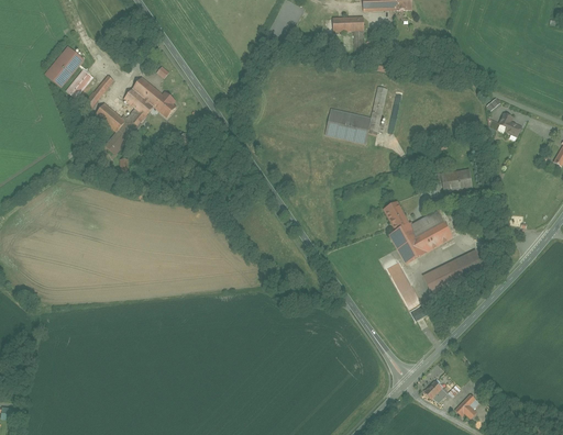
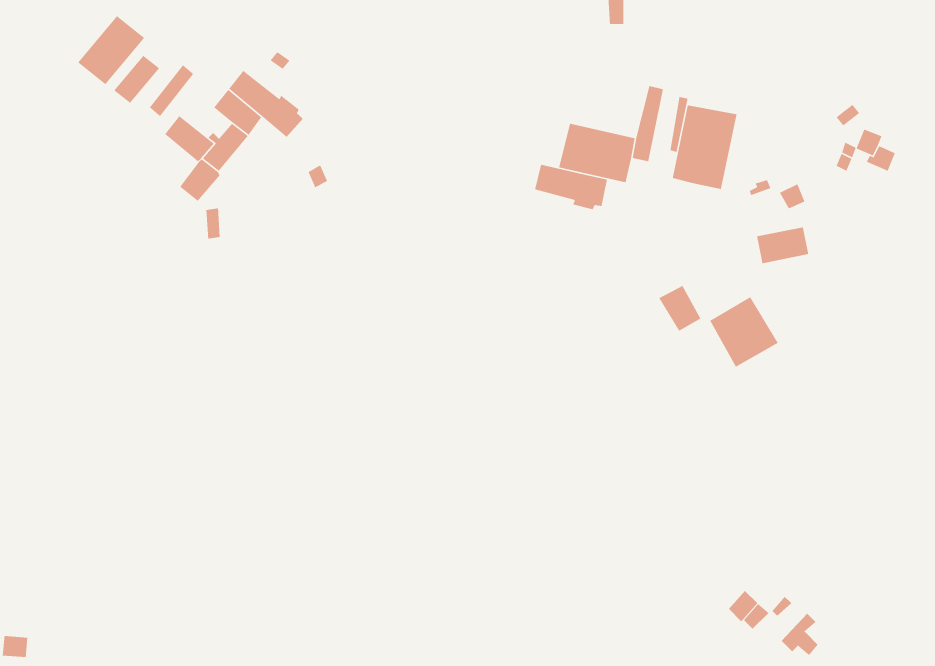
building: none -> [672,105,737,190]
building: none -> [534,164,608,210]
building: [389,221,429,263] -> none
building: [424,249,484,290] -> none

